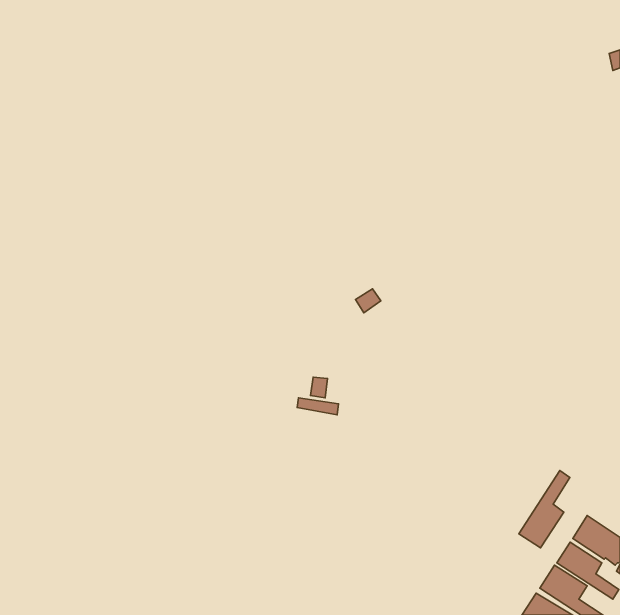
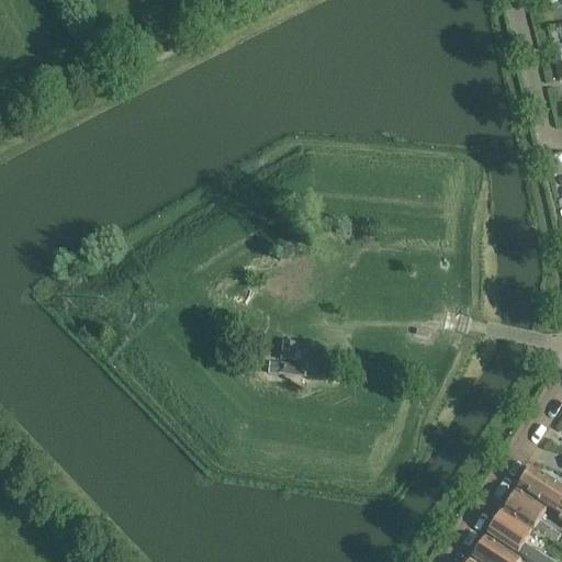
building: [519,471,570,548] -> none

